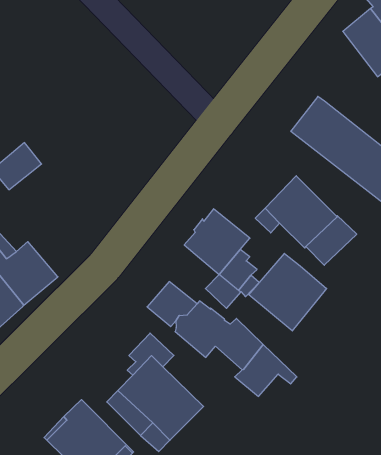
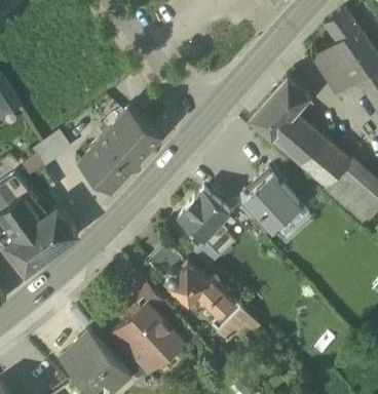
building: none -> [250,76,309,133]
building: none -> [81,107,160,188]
building: [249,253,327,331] -> none

